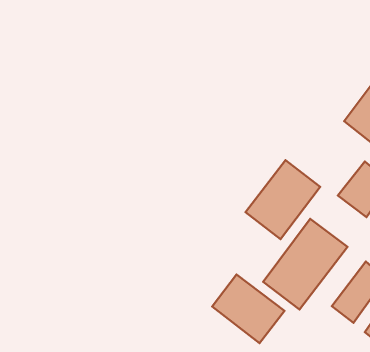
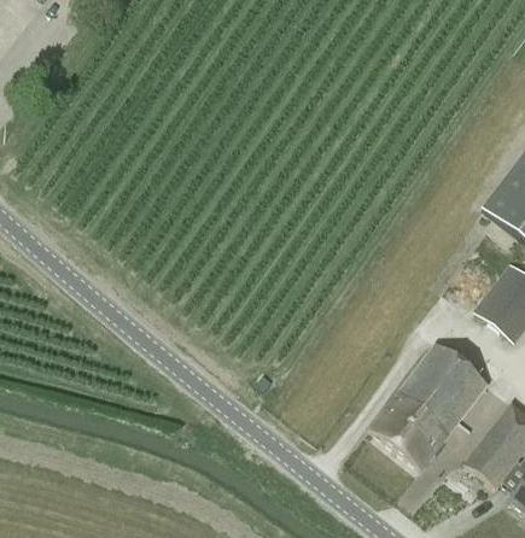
building: [245,160,320,239] -> none
building: [212,274,284,343] -> none

